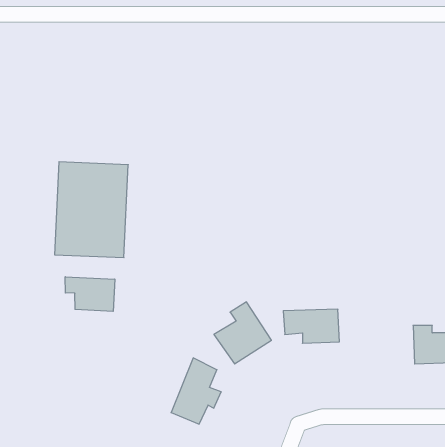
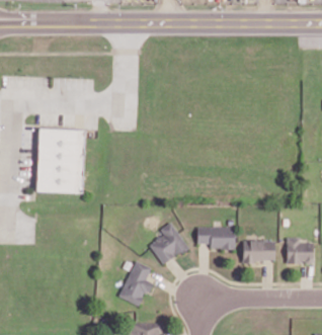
building: [65,277,115,311] -> none
building: none -> [242,240,274,262]

